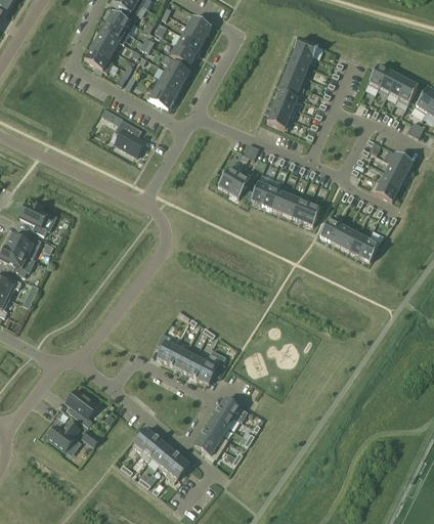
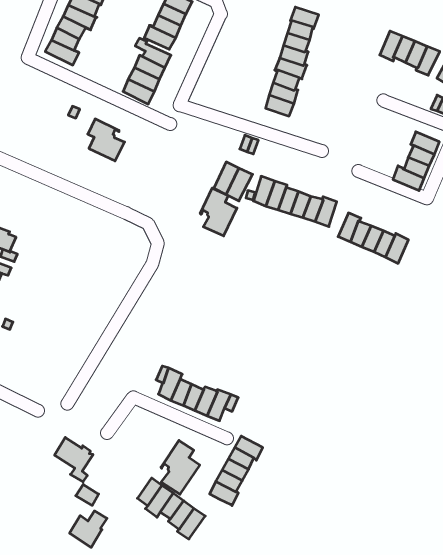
building: none -> [200,188,237,236]
building: none -> [161,440,200,494]
building: [47,420,80,450] -> [70,511,107,547]

